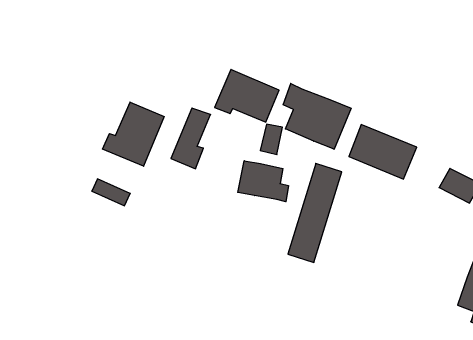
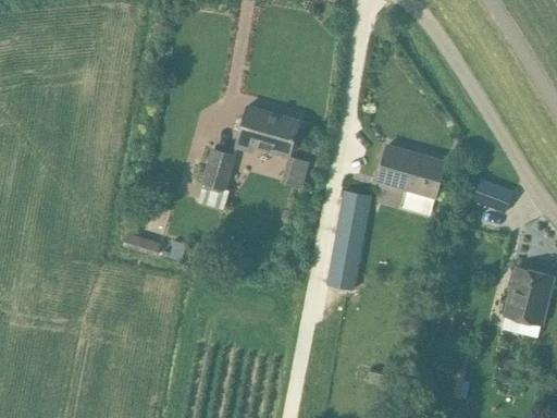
building: [283,83,351,149] -> none
building: [103,102,164,166] -> none
building: [238,161,288,202] -> none

